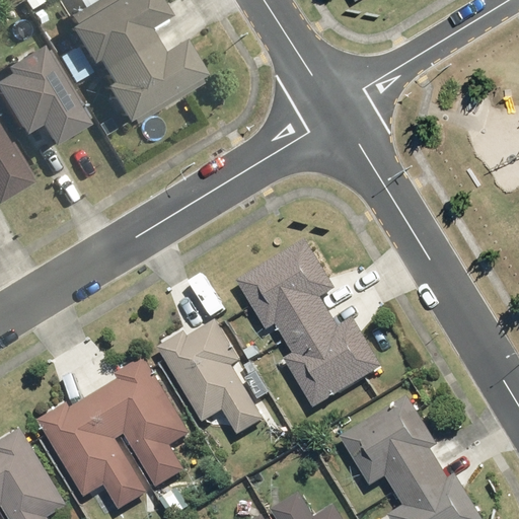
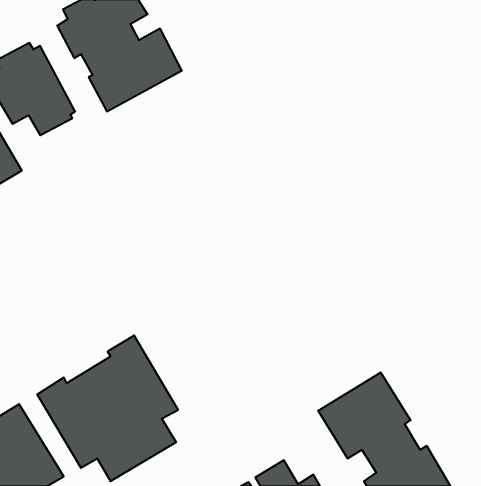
building: [236,239,383,411] -> none
building: [158,319,267,436] -> none

